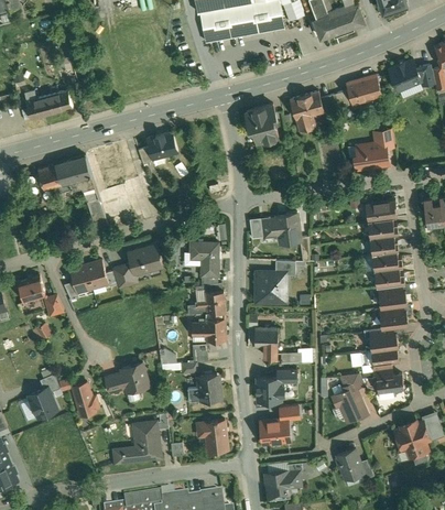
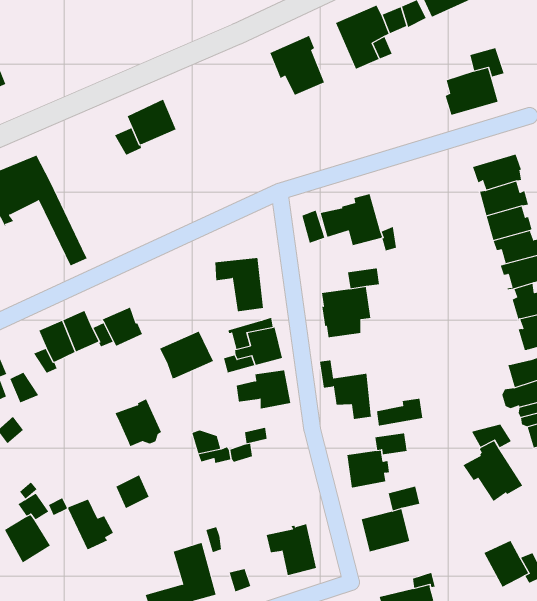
building: [128,246,162,274] -> [159,331,214,379]
building: [120,362,149,392] -> [115,398,162,447]
building: [196,375,221,401] -> none

